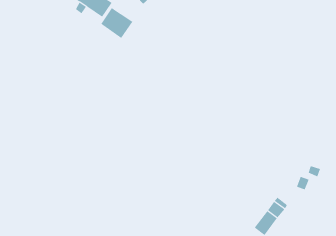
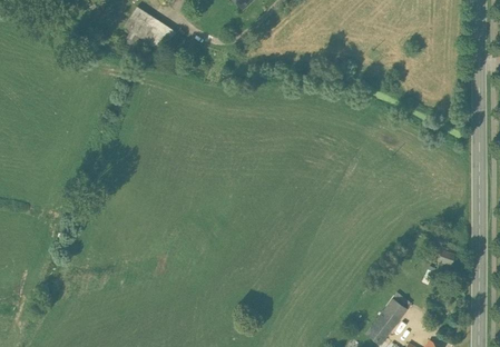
building: [101,7,133,39] -> none

